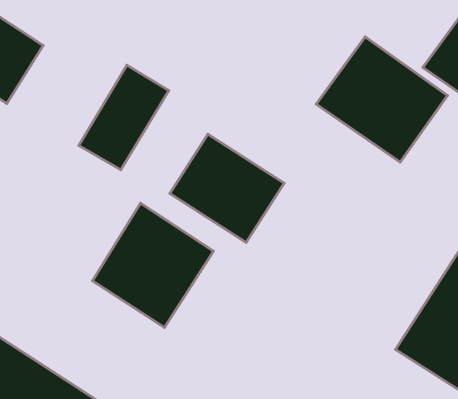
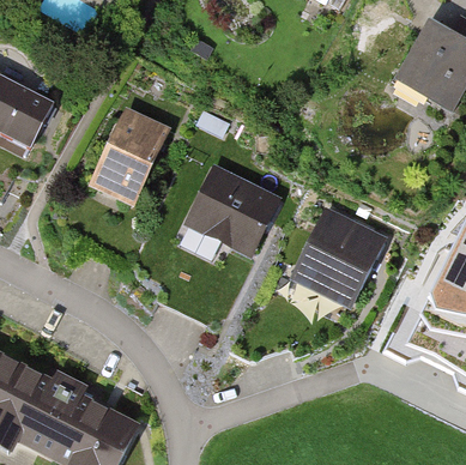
building: [316,37,448,162] -> none
building: none -> [289,206,392,316]
building: [92,203,213,327] -> none

